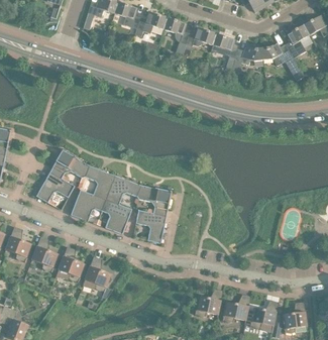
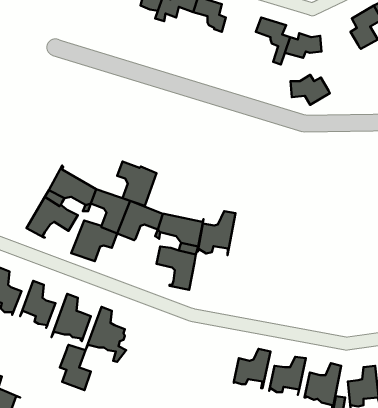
building: [183,27,216,56] -> none
building: [261,42,292,66] -> [291,75,330,105]
building: none -> [198,211,235,255]
building: [101,200,131,234] -> [117,161,157,206]
building: none -> [60,345,91,390]

